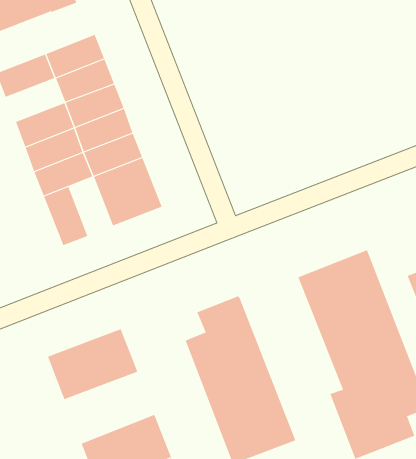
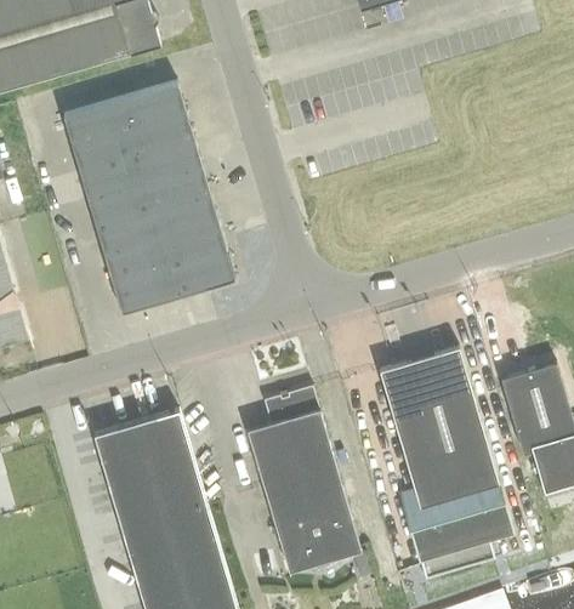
building: none -> [70,126,136,171]
building: none -> [132,239,177,304]
building: none -> [107,460,206,534]

